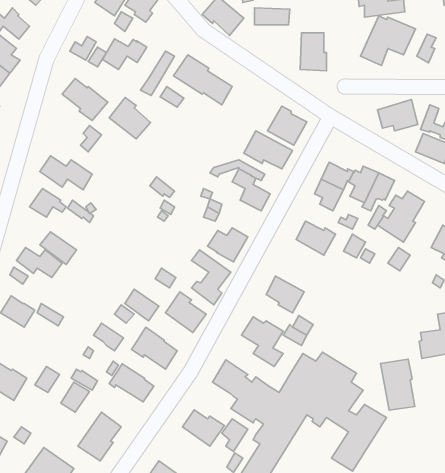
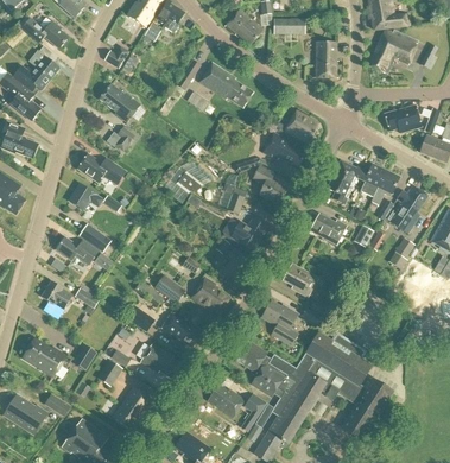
building: [102,39,147,69] -> none
building: [109,98,151,139] -> none
building: [381,359,415,410] -> none

